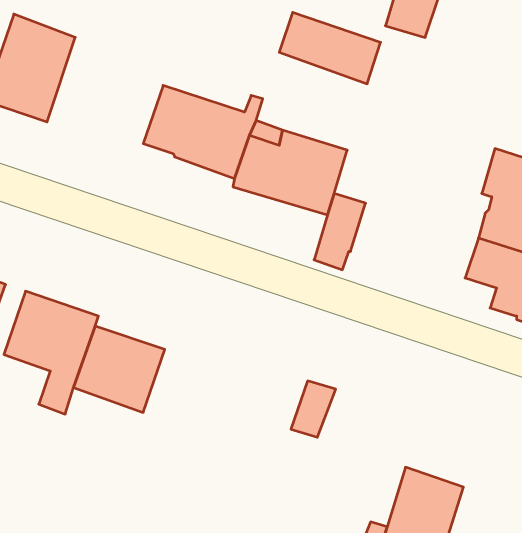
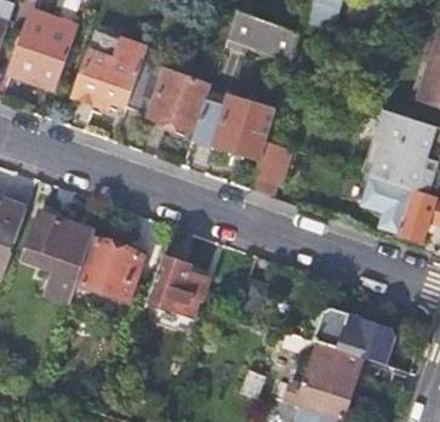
building: none -> [73,32,147,106]
building: none -> [148,257,207,316]
building: none -> [315,306,398,365]

